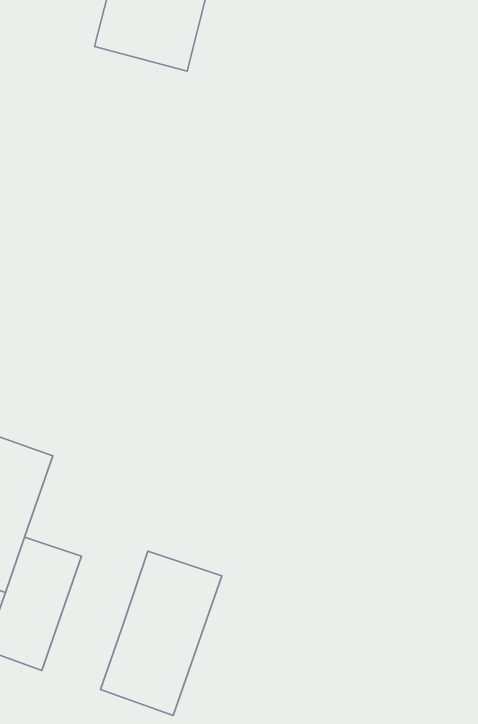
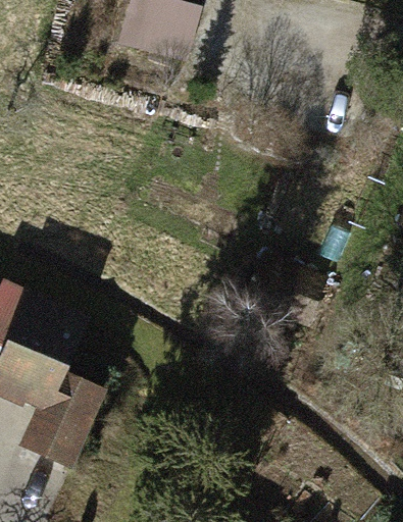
building: [100,551,222,716] -> none

